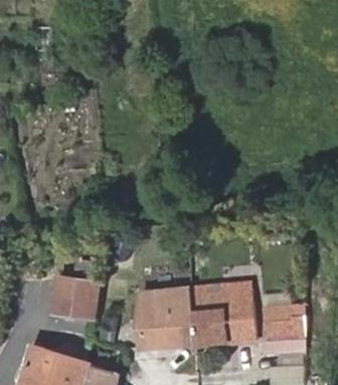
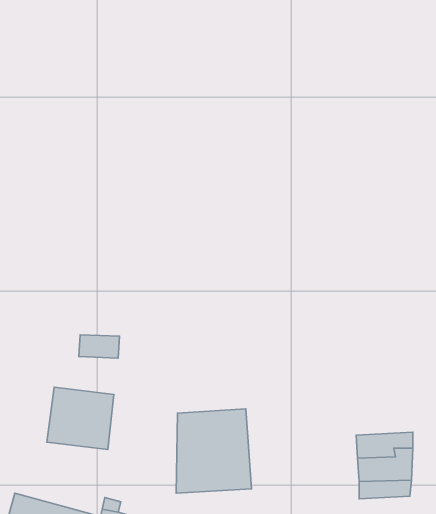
building: [187,273,254,345] -> none

